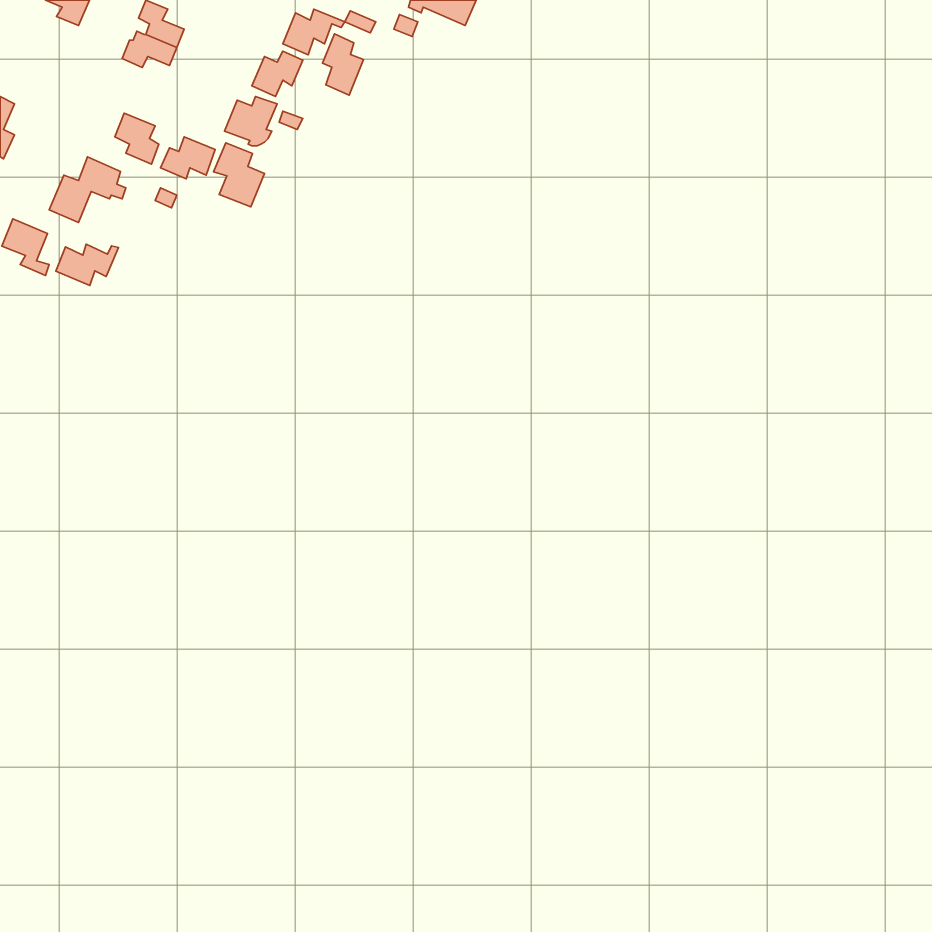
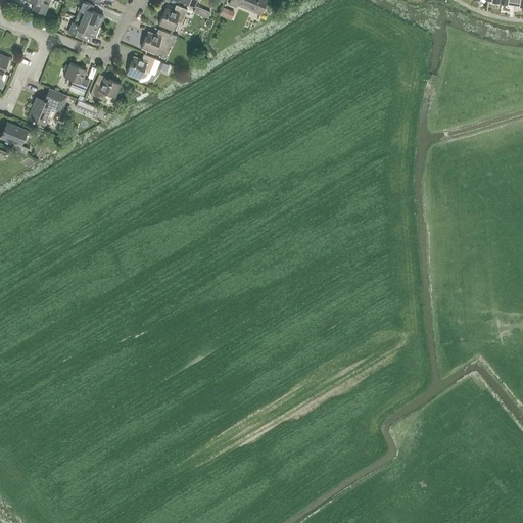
building: [323,34,364,95] -> none
building: [214,143,264,207] -> none
building: [56,244,118,286] -> none

